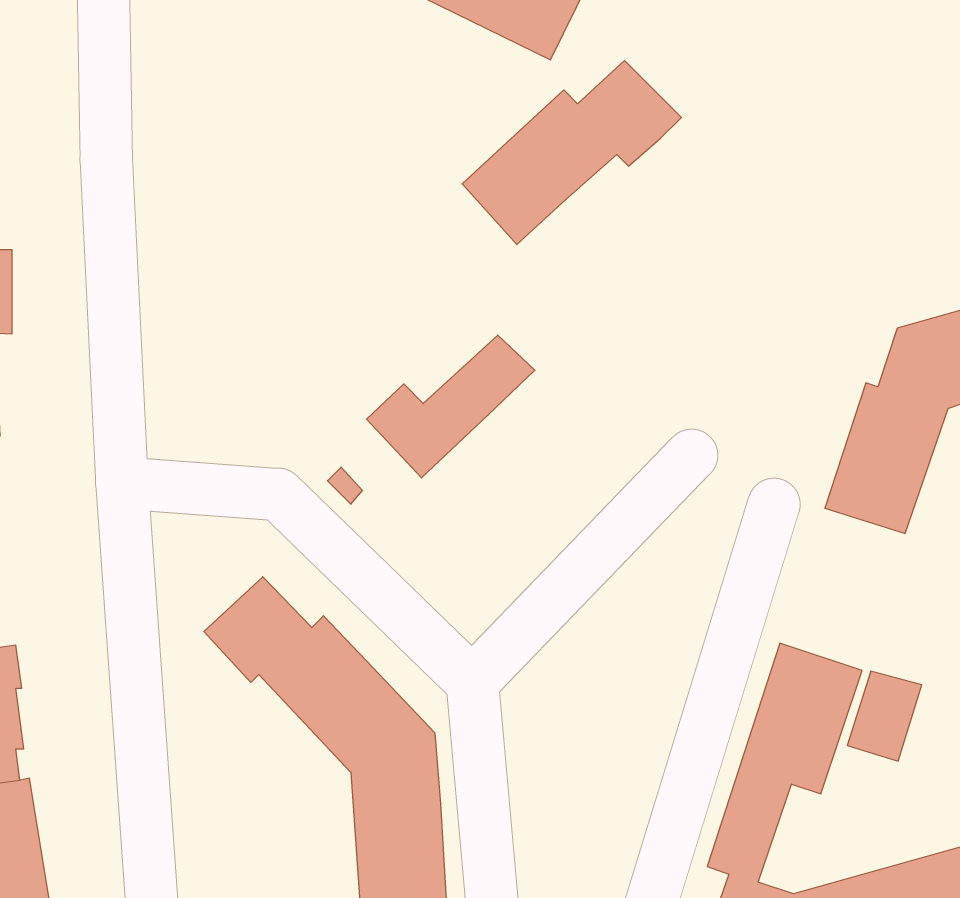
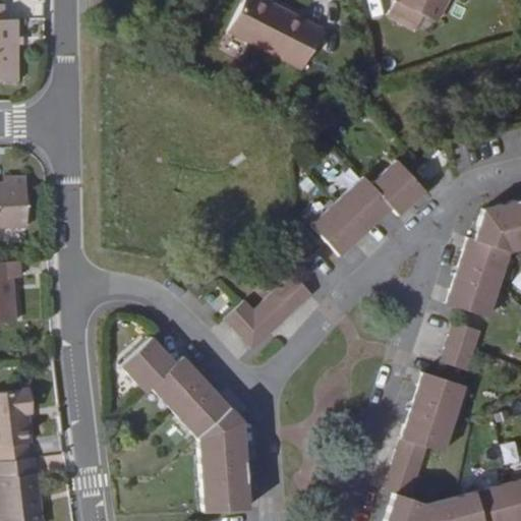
building: [462,61,681,245] -> [311,163,425,258]
building: [367,335,535,478] -> [226,277,313,351]
building: [847,671,922,761] -> [442,325,480,371]

